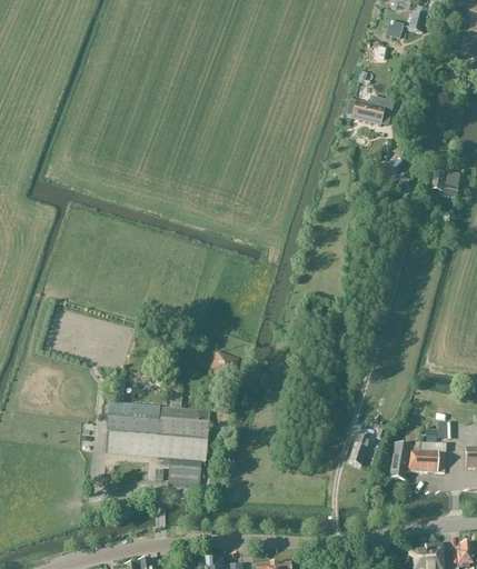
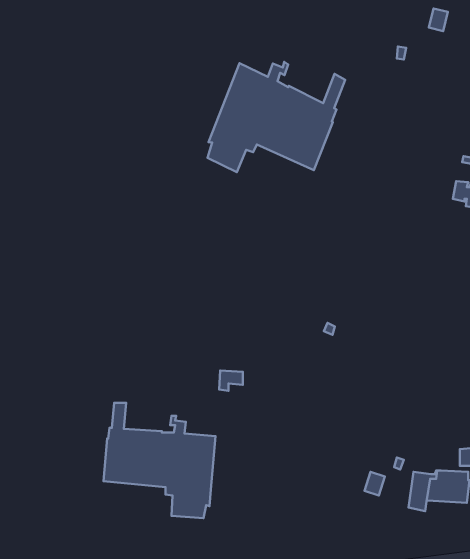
building: none -> [208,62,345,172]
building: [351,99,385,124] -> none

